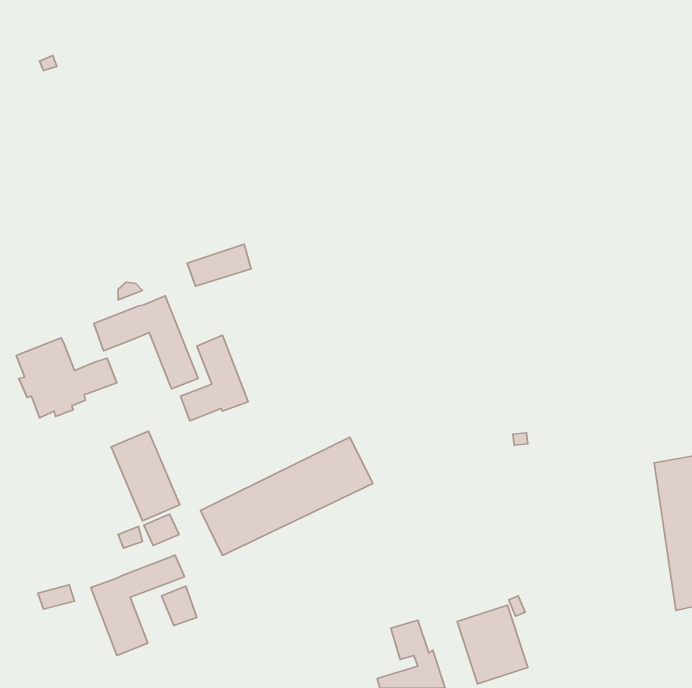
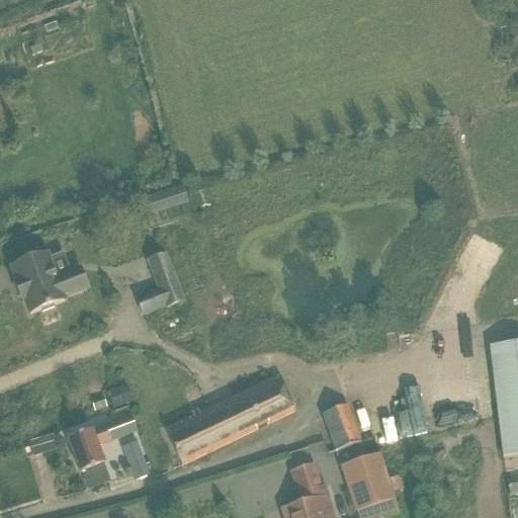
building: [94,296,198,389] -> none
building: [111,431,180,521] -> none
building: [201,437,373,555] -> [166,374,294,462]
building: none -> [321,405,373,450]

